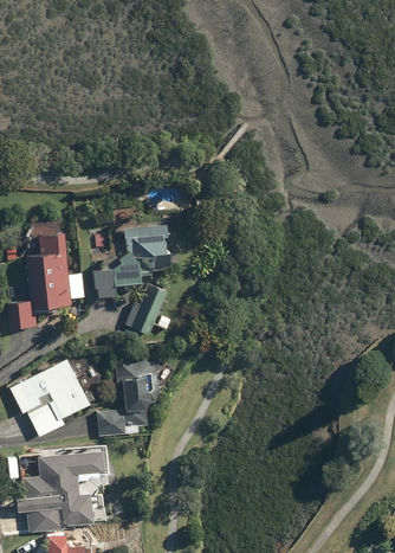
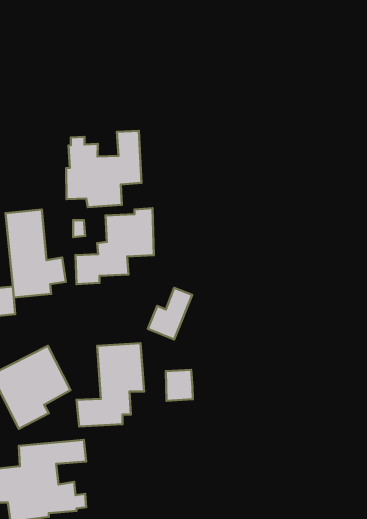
building: none -> [66,131,142,207]
building: [124,284,168,335] -> [148,288,192,340]
building: none -> [166,370,193,401]

